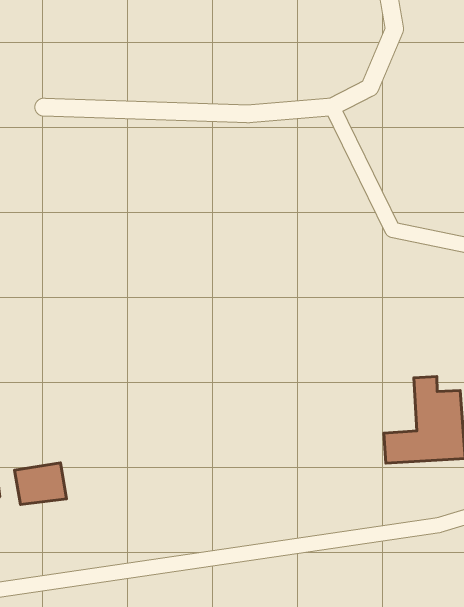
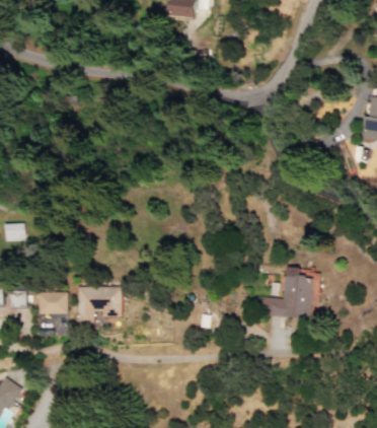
building: none -> [73,286,120,322]

